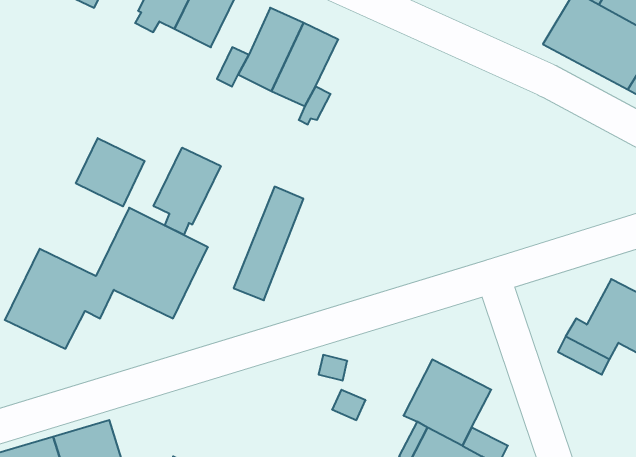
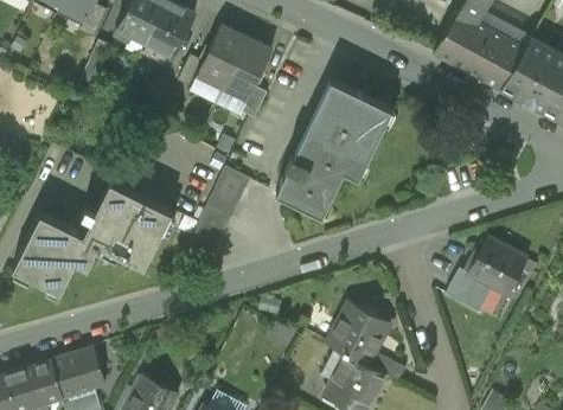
building: none -> [276,78,392,214]
building: [76,138,145,206] -> none
building: [154,148,221,235] -> none

